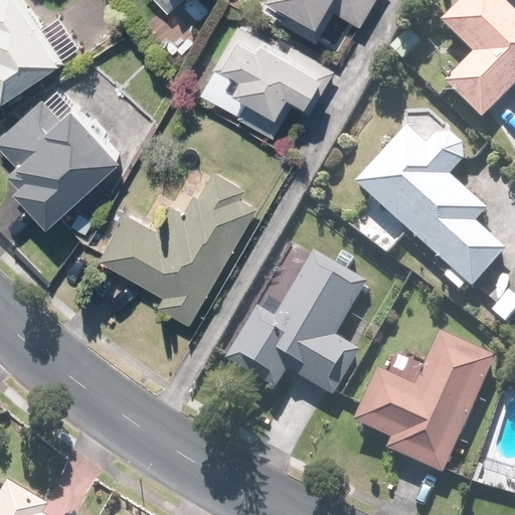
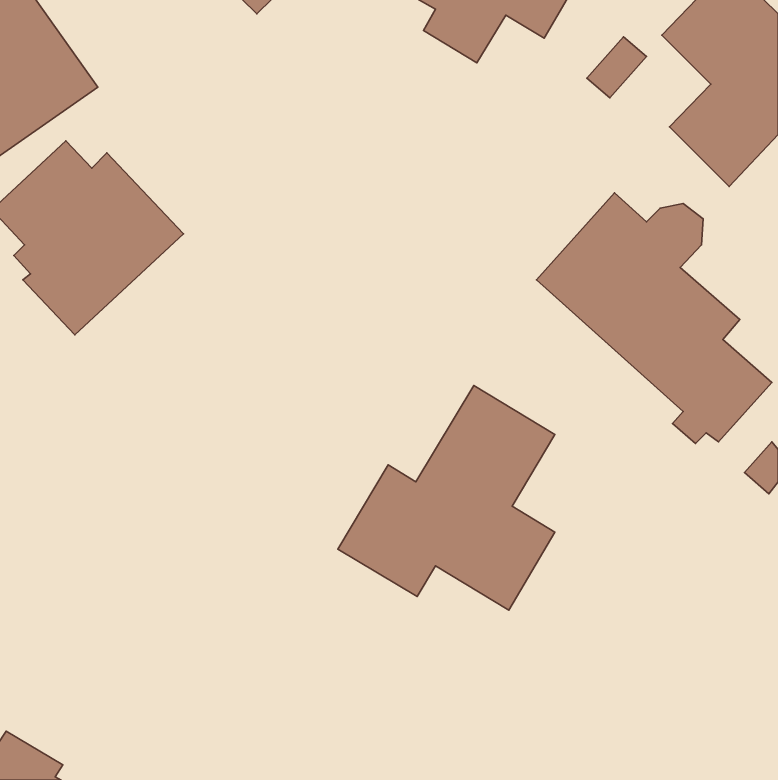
building: [212,21,326,134] -> none
building: [98,162,255,321] -> none
building: [352,331,498,476] -> none

